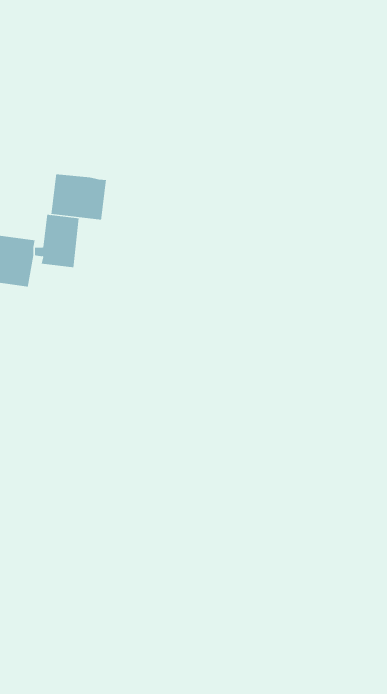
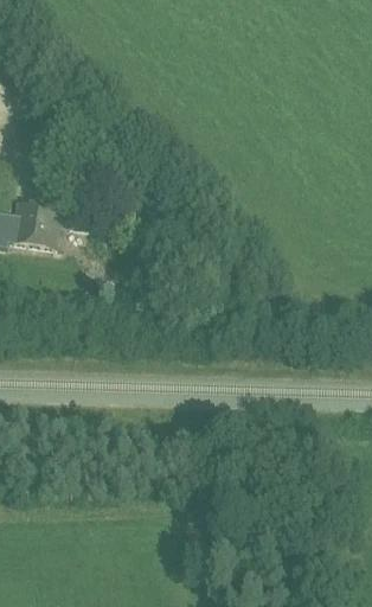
building: [51,173,107,221] -> none

